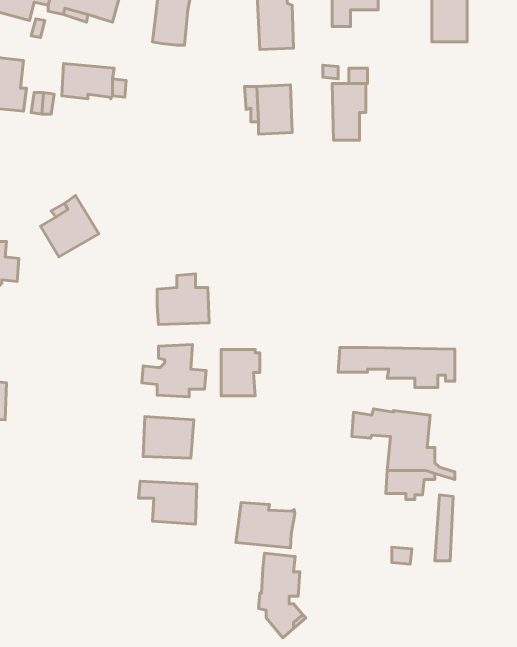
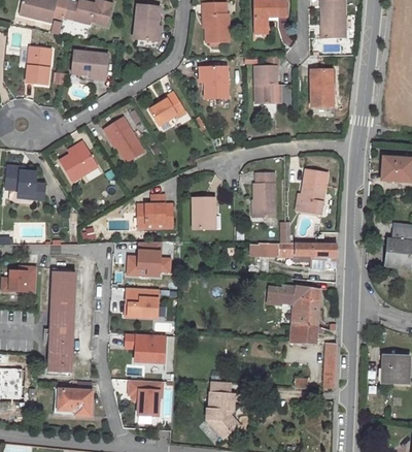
building: none -> [311,69,333,106]
building: none -> [149,92,184,124]
building: none -> [104,116,145,162]
building: none -> [300,169,325,213]
building: none -> [253,171,275,216]
building: [221,350,260,396] -> [193,196,218,227]
building: none -> [53,270,79,373]
building: [236,503,295,548] -> none
building: none -> [128,379,162,415]
building: none -> [54,388,91,414]

